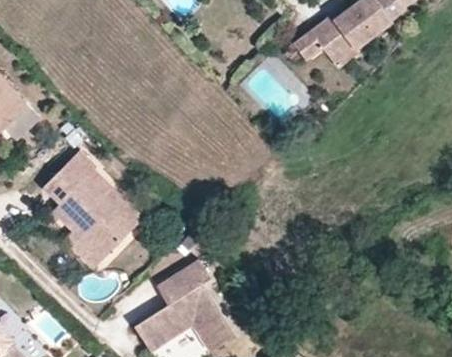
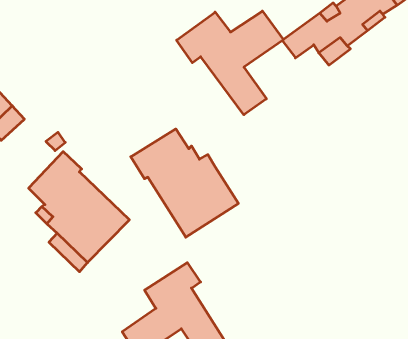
building: none -> [177,11,283,115]
building: none -> [131,129,238,237]

